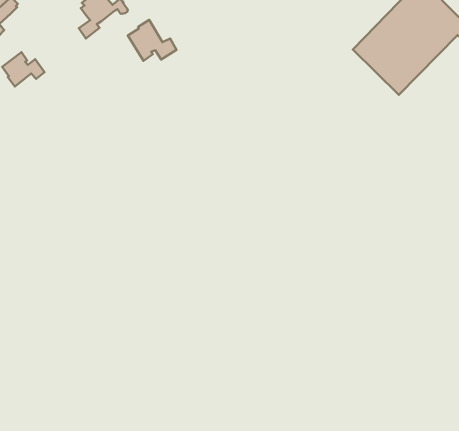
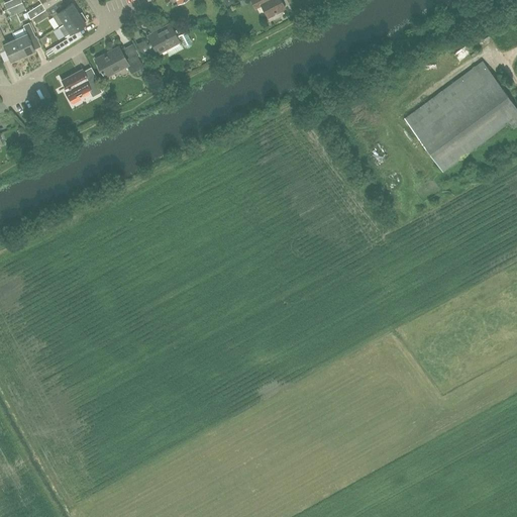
building: [128,20,177,61] -> none
building: none -> [95,47,142,78]

